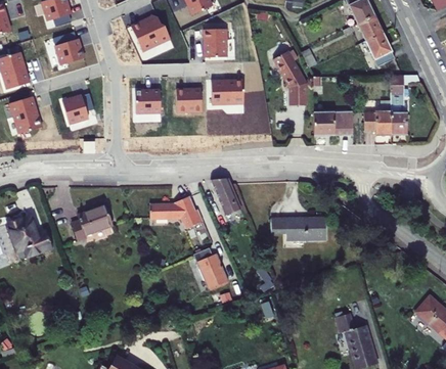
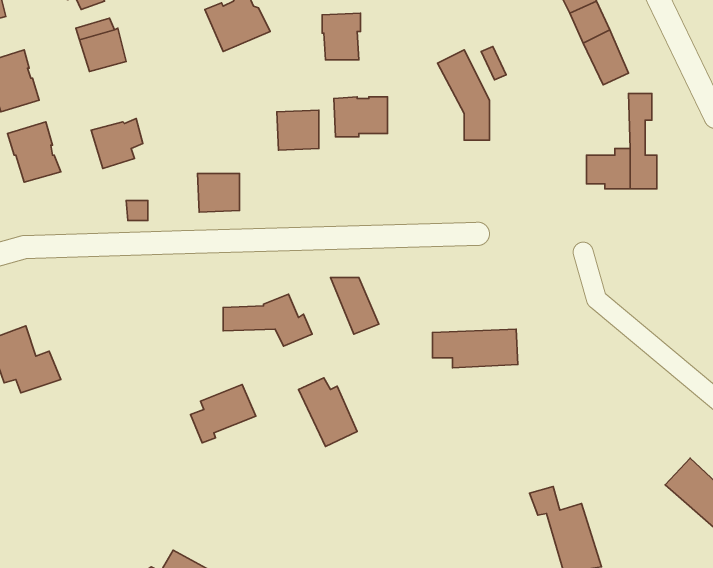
building: [136,88,162,111] -> [198,174,239,212]
building: [314,111,355,135] -> none
building: [69,207,108,243] -> [190,384,256,443]

